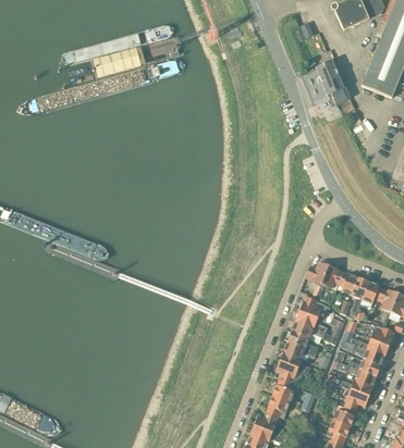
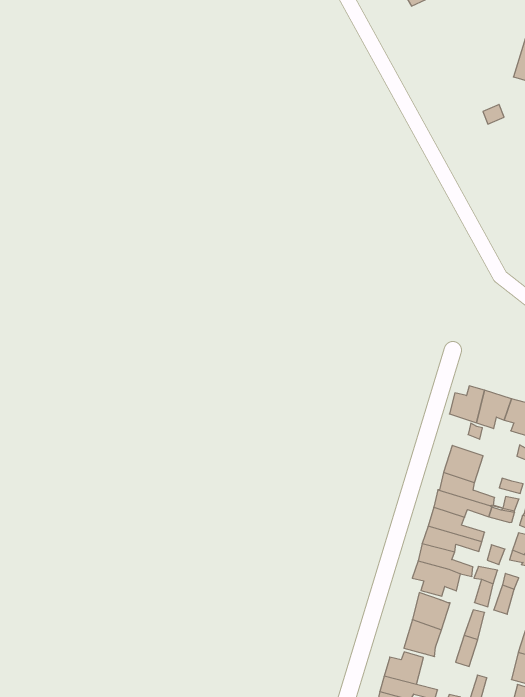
building: [316,60,345,95] -> none

